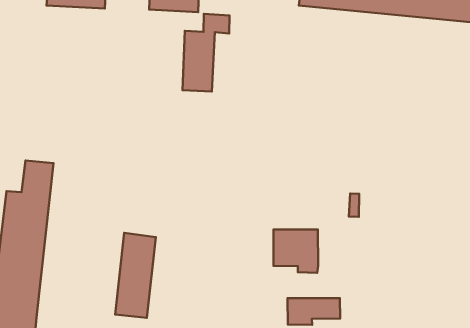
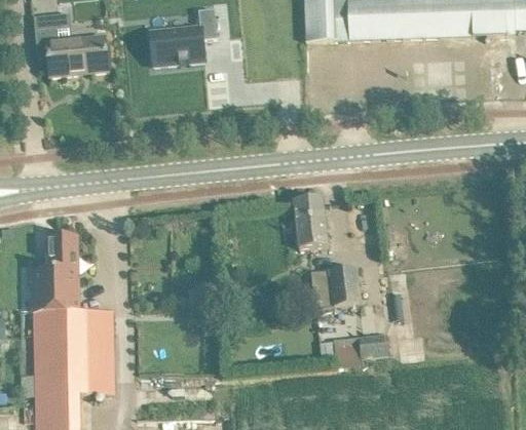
building: [183,14,230,92] -> none
building: none -> [293,196,328,248]
building: [115,233,156,318] -> [79,310,114,394]

